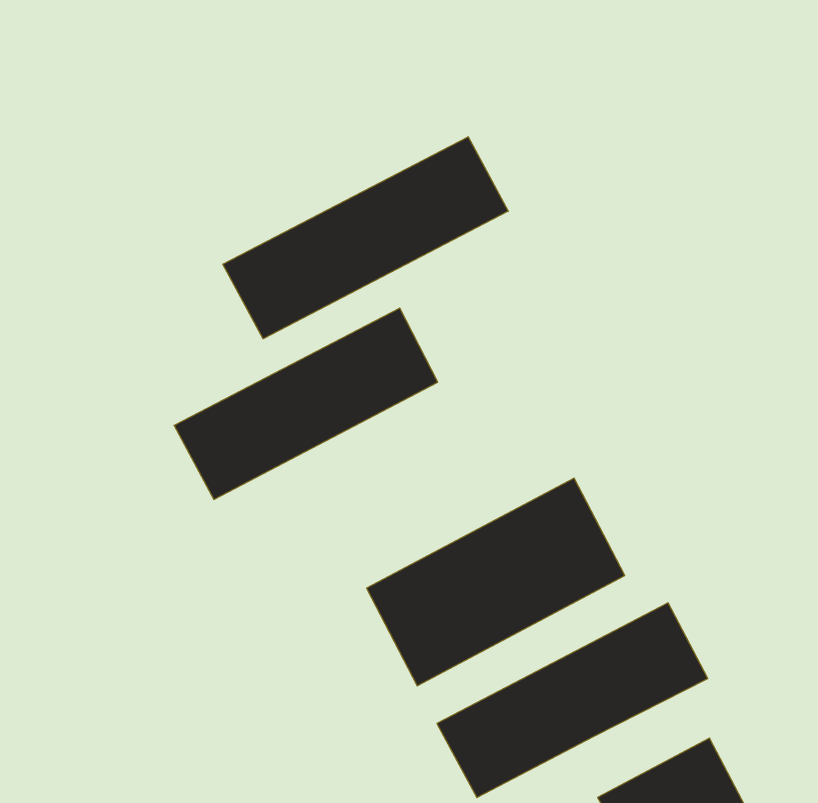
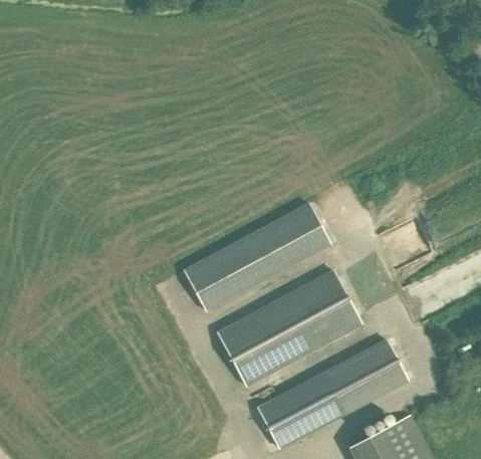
building: [223,137,508,339] -> none
building: [174,308,438,499] -> [185,204,331,310]

